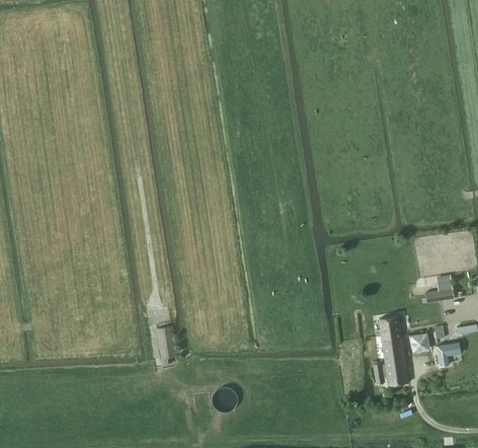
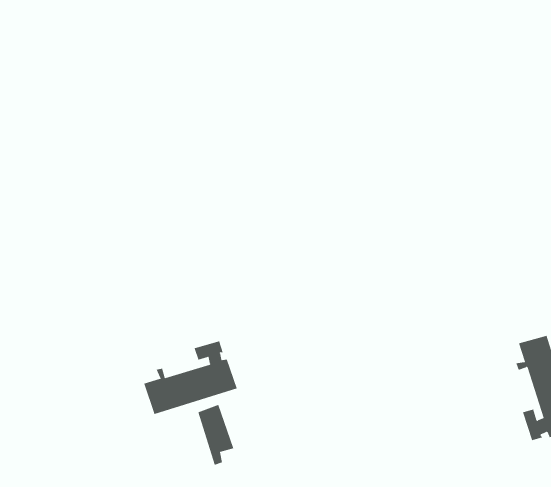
building: none -> [143,340,237,415]

